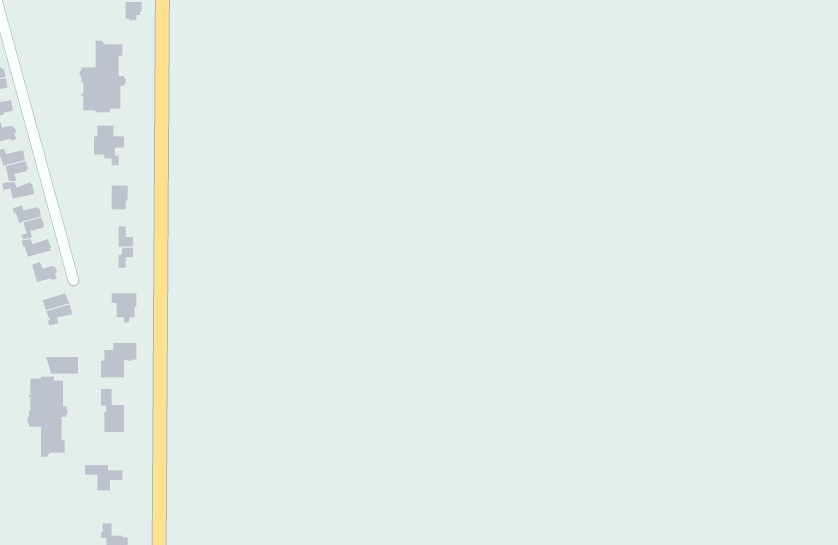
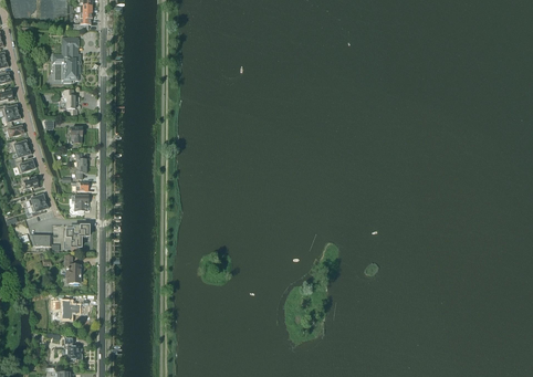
building: [27,376,68,458] -> none

